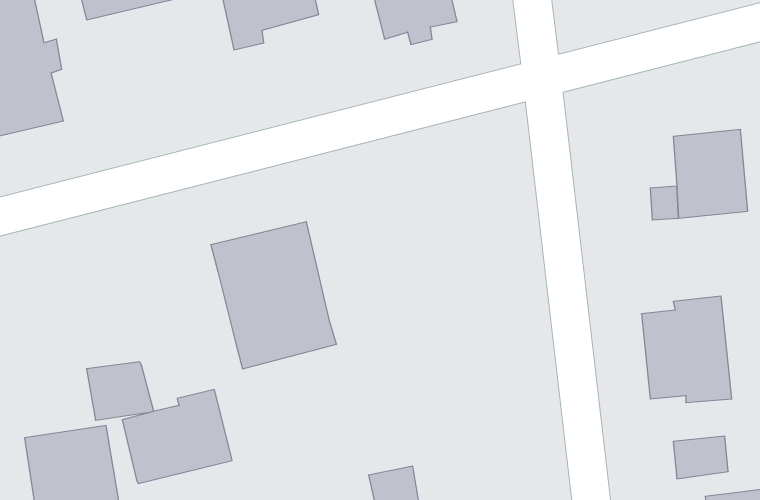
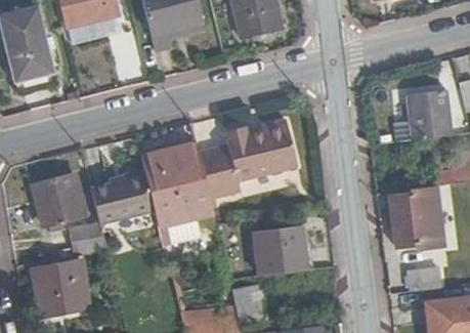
building: none -> [199,124,299,200]
building: none -> [33,175,84,226]
building: none -> [253,226,307,275]
building: [122,390,232,483] -> [91,171,155,225]

